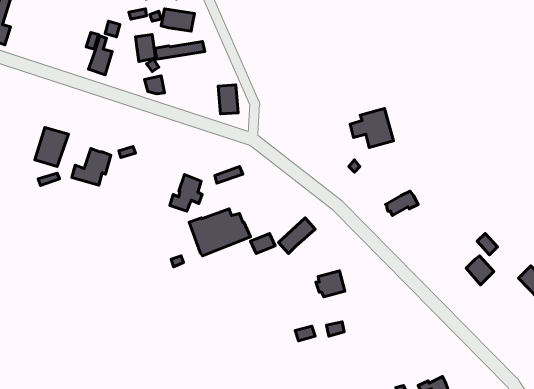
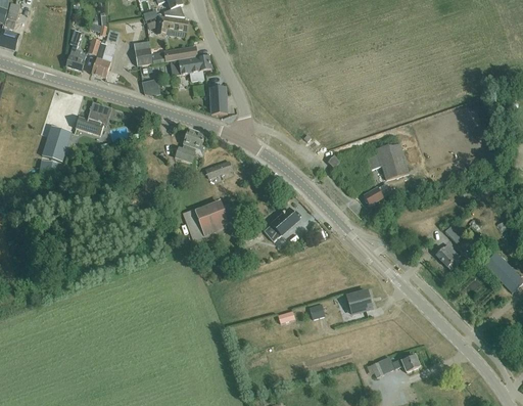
building: none -> [66,31,86,70]
building: none -> [170,55,211,81]
building: [350,108,394,147] -> [368,142,408,178]
building: [72,148,111,185] -> [76,101,111,135]
building: [170,174,202,211] -> [176,128,205,162]
building: [316,271,345,297] -> [345,290,372,314]

